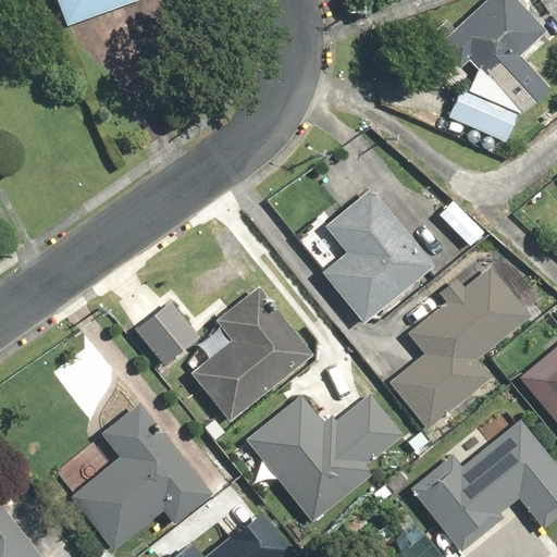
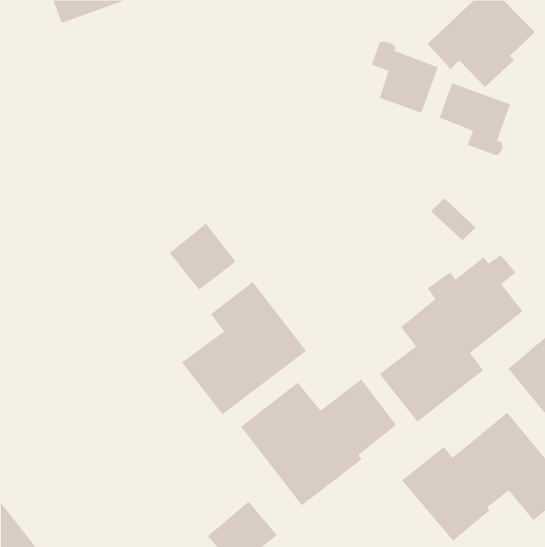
building: none -> [371,41,438,113]
building: [321,190,437,324] -> none
building: [134,299,202,368] -> [169,223,236,291]
building: [70,405,212,550] -> none

